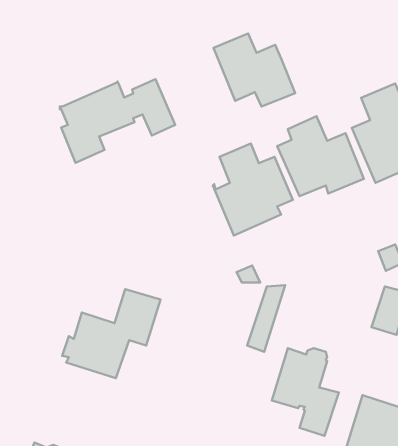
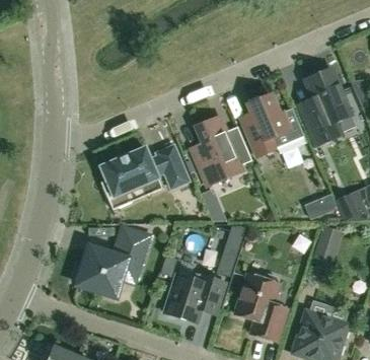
building: [214,33,295,107] -> none
building: [60,79,175,163] -> [100,145,190,210]
building: none -> [165,273,225,322]

